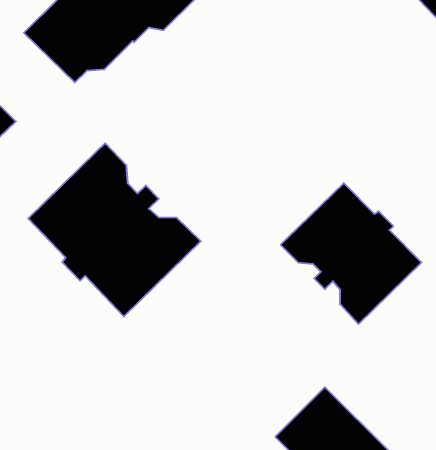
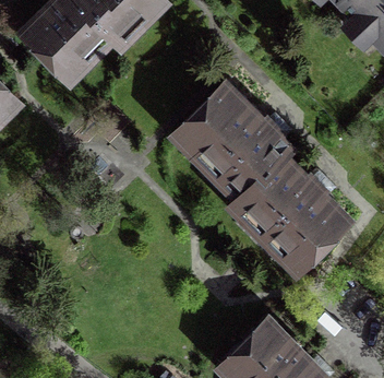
building: none -> [176,86,290,200]
building: [28,143,201,317] -> none

